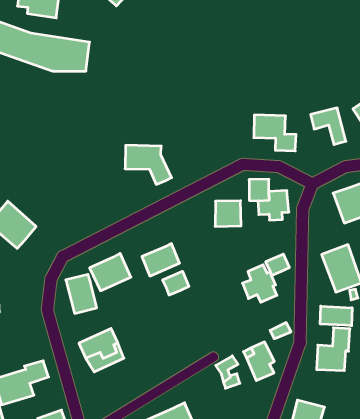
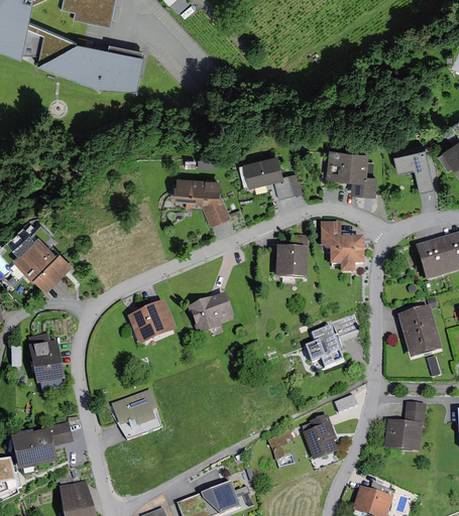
building: none -> [243,155,292,197]
building: [163,271,189,295] -> none
building: [66,274,97,313] -> [29,341,64,385]
building: [320,306,352,326] -> none

